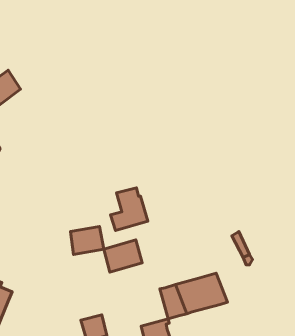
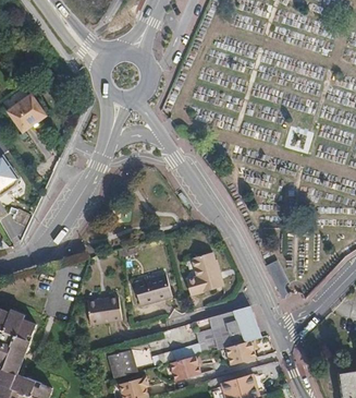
building: [110,188,148,230] -> [183,250,222,294]
building: [70,226,104,254] -> [85,294,120,324]
building: none -> [223,338,254,364]

